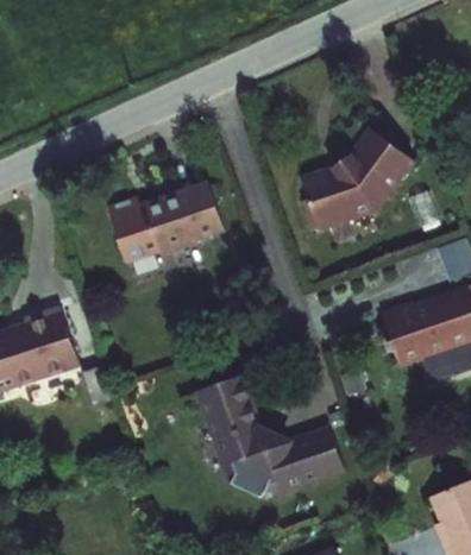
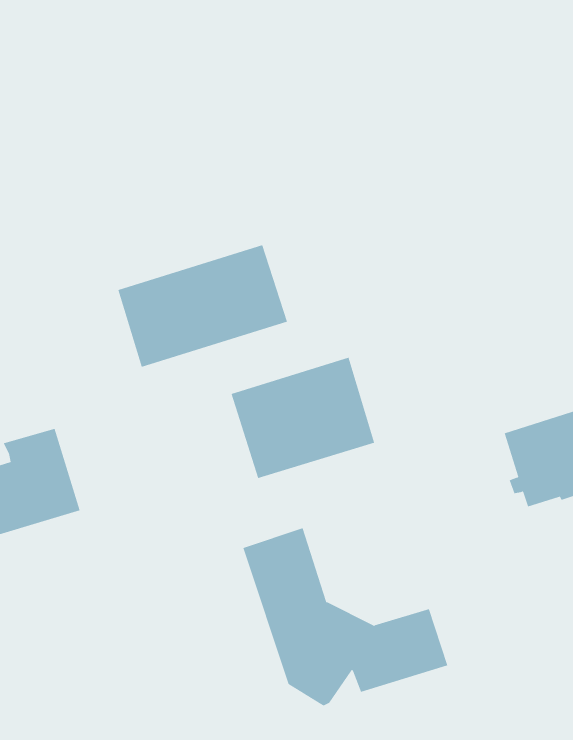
building: [303,128,415,228] -> none
building: none -> [231,357,375,479]

